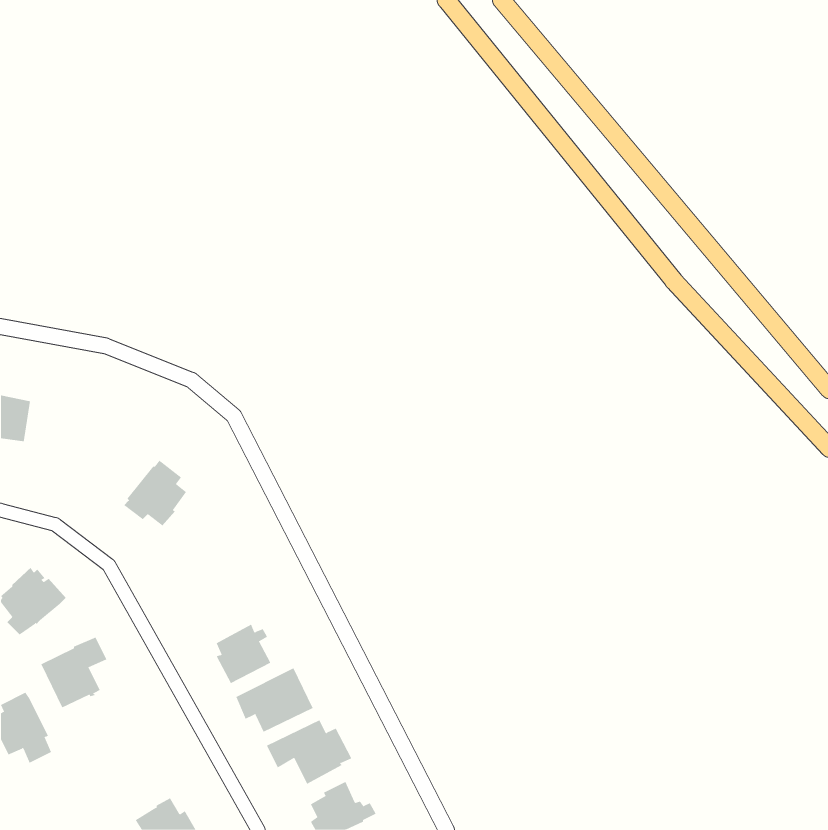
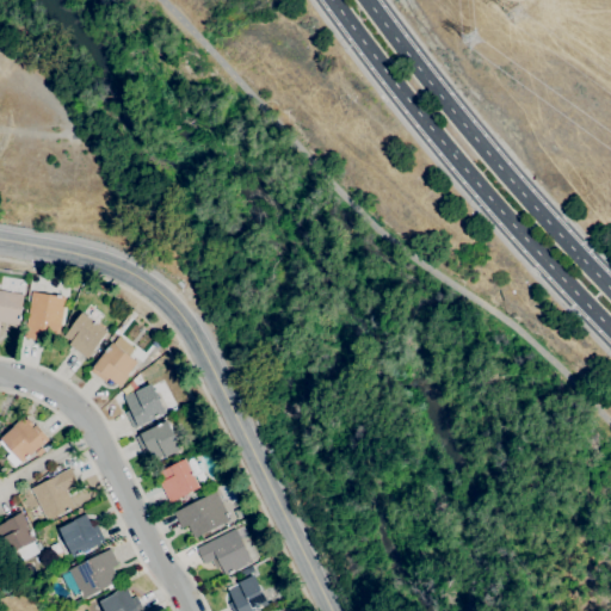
building: none -> [25,291,67,340]
building: none -> [64,311,109,358]
building: none -> [124,383,167,428]
building: none -> [136,420,183,461]
building: none -> [60,514,106,557]
building: none -> [68,549,119,599]

